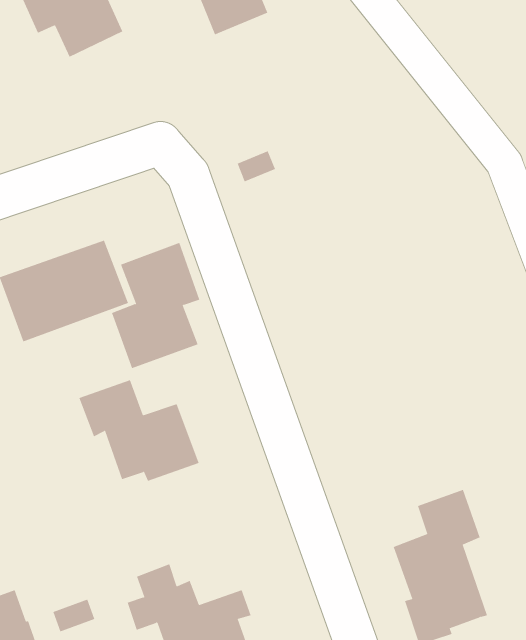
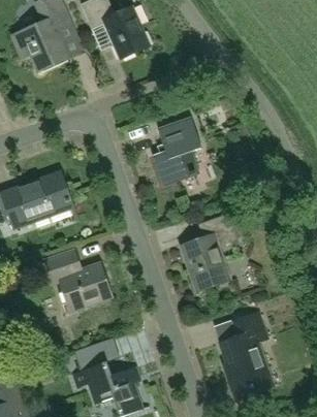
building: [111,242,200,369] -> [152,116,201,186]
building: none -> [182,212,237,288]

